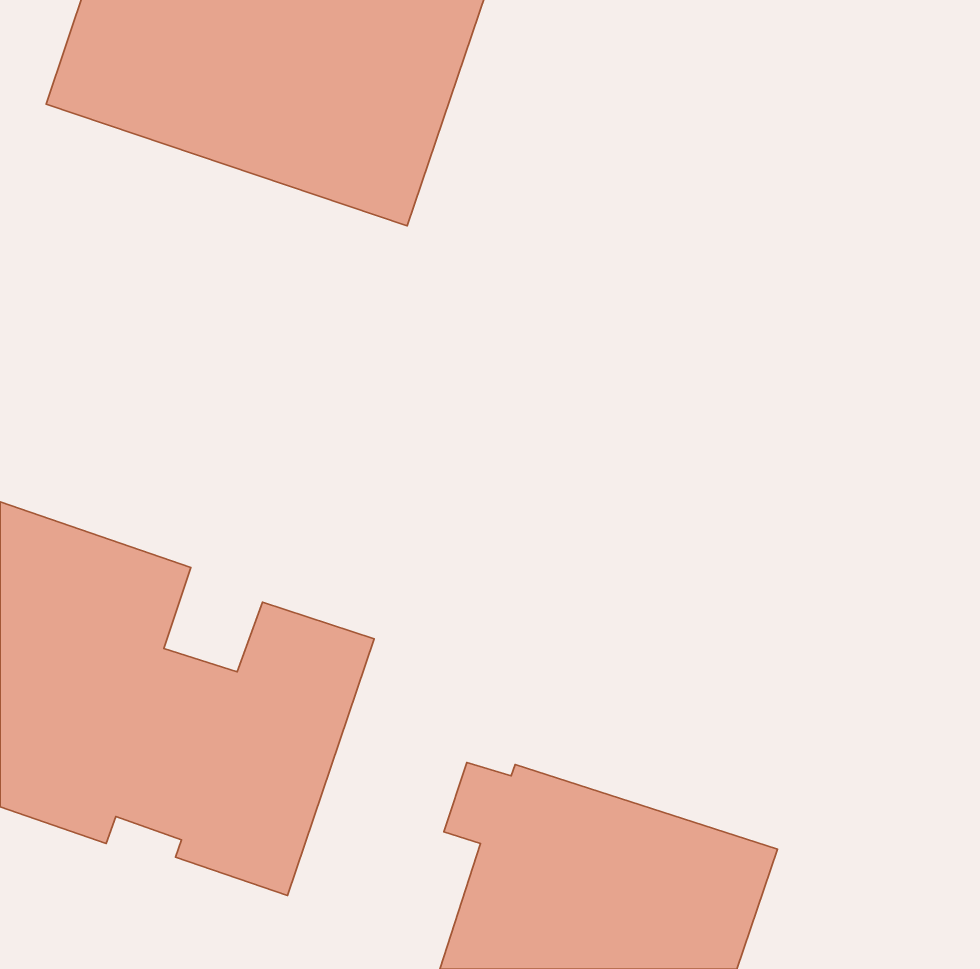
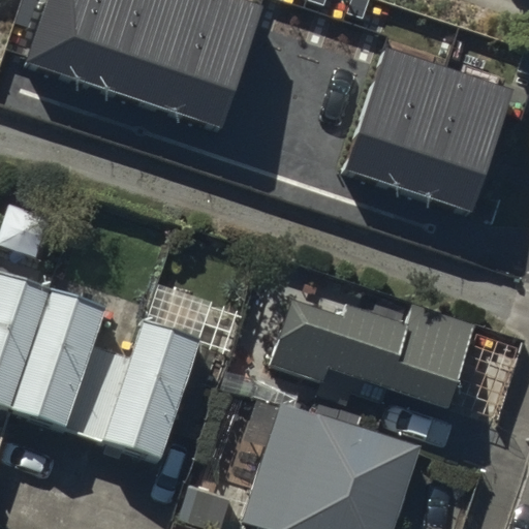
building: none -> [345,37,515,205]
building: none -> [271,314,470,423]

